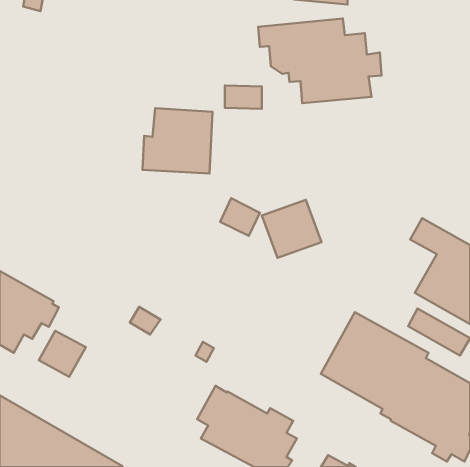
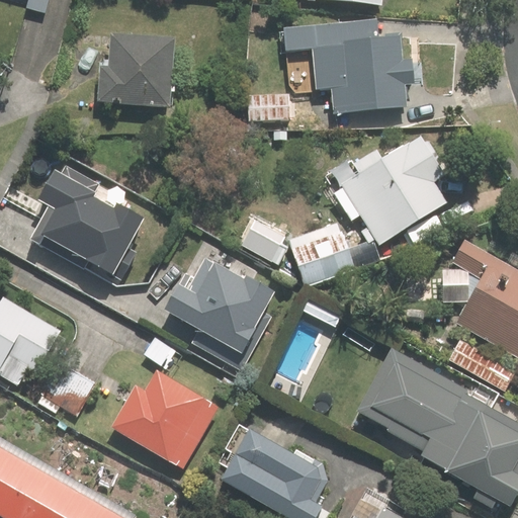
building: [142,108,212,174] -> [96,35,173,107]
building: none -> [333,138,446,245]
building: none -> [17,162,144,275]
building: none -> [165,258,275,368]
building: none -> [110,371,221,469]

